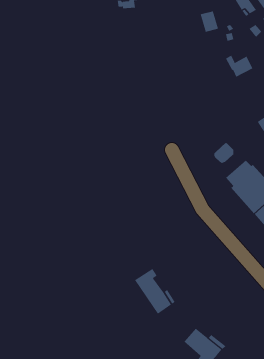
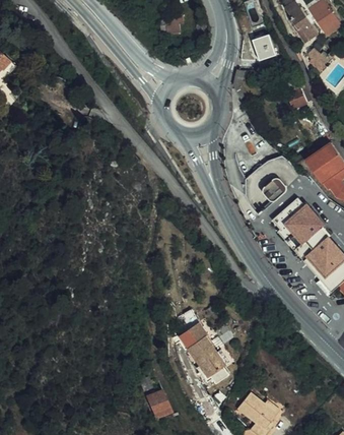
building: none -> [146,388,169,416]

